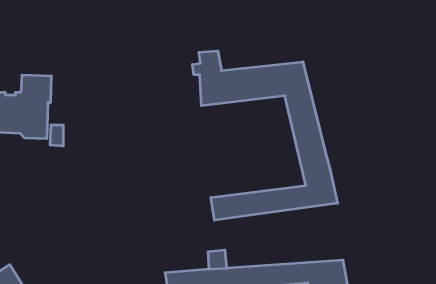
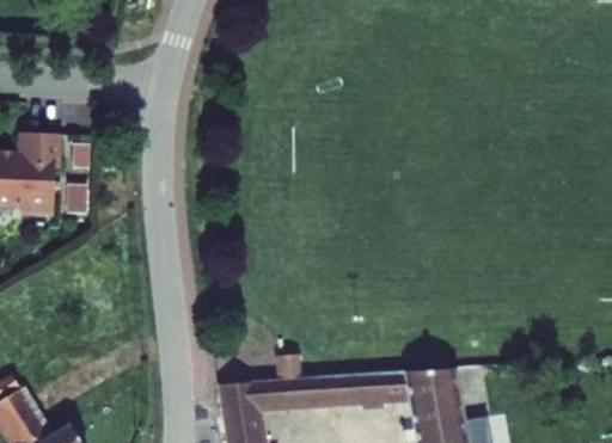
building: [192,51,338,220] -> none

